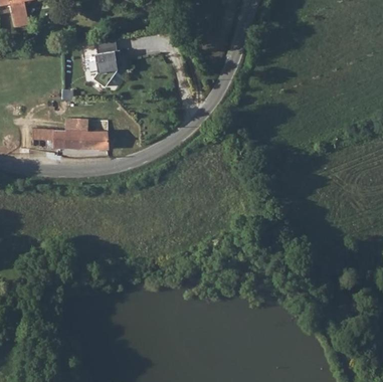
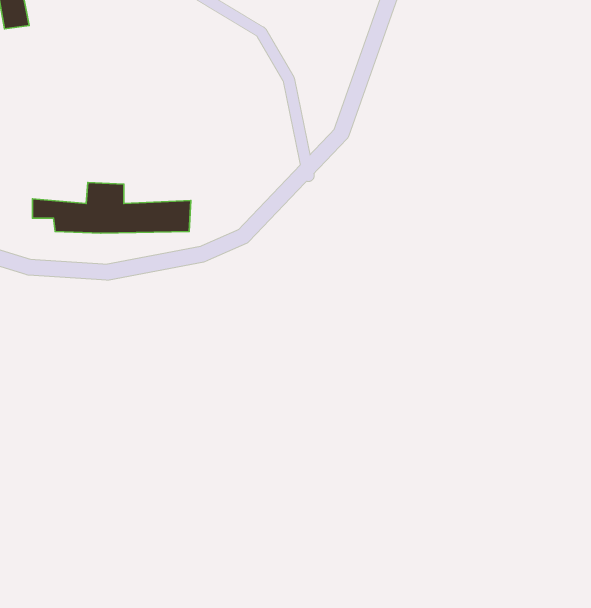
building: [94,40,118,70] -> none

